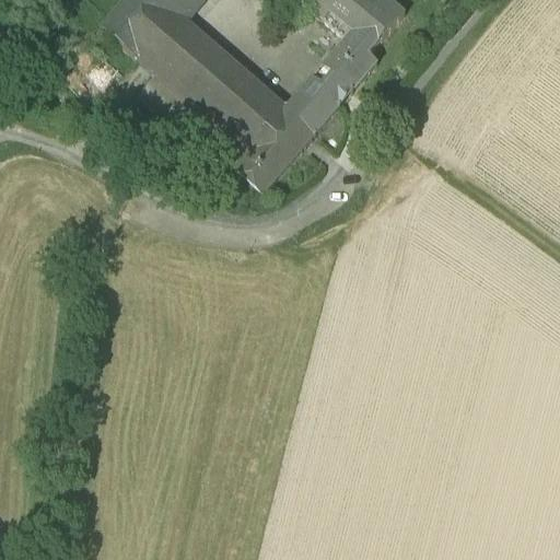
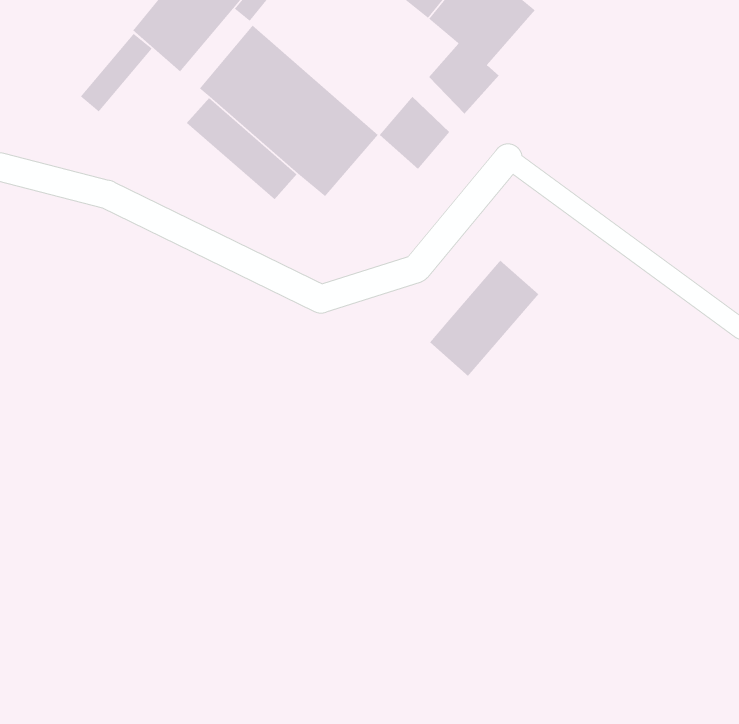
building: [138,7,192,67] -> [80,33,152,113]
building: [313,58,352,100] -> none
building: [234,102,317,190] -> [429,259,539,377]

